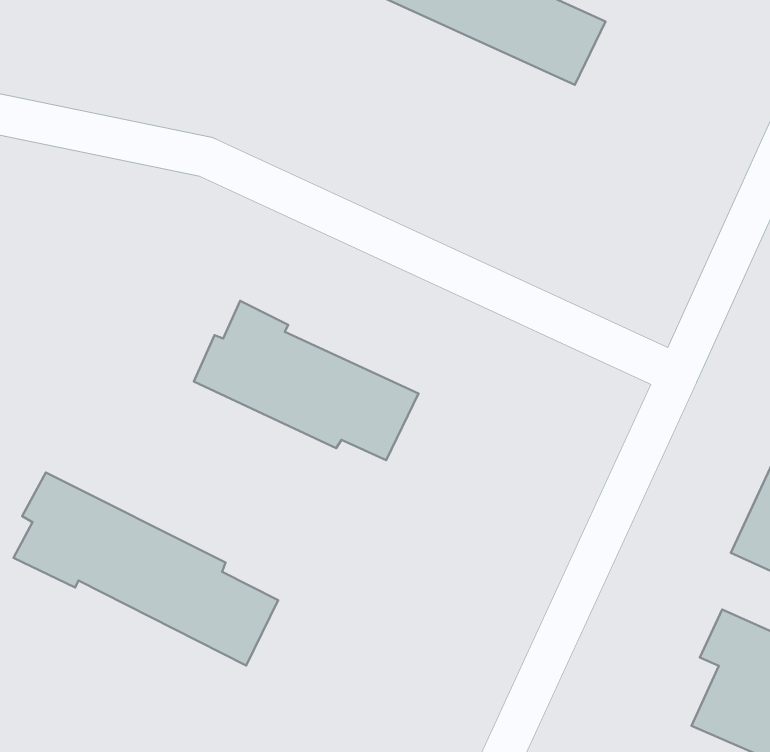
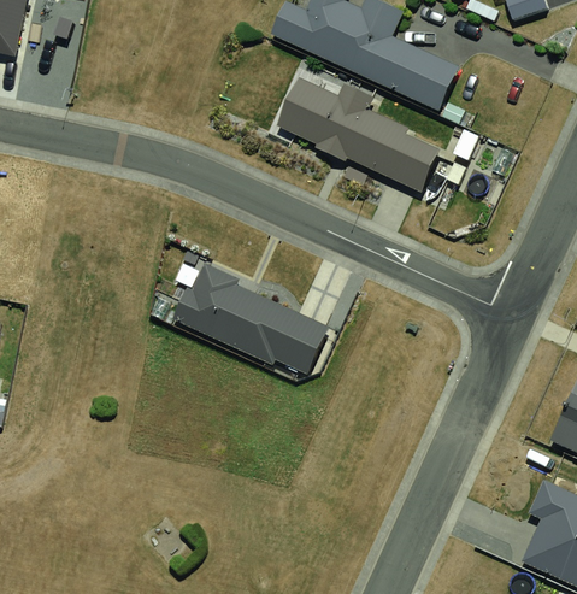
building: none -> [276,76,442,193]
building: [13,473,278,666] -> none

